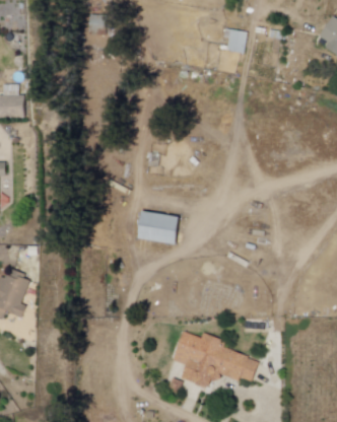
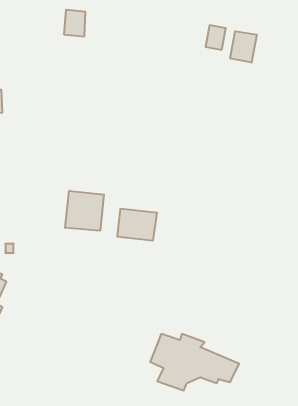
building: none -> [230,31,257,63]
building: none -> [65,191,104,231]

